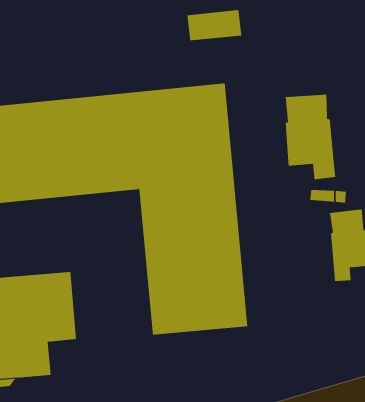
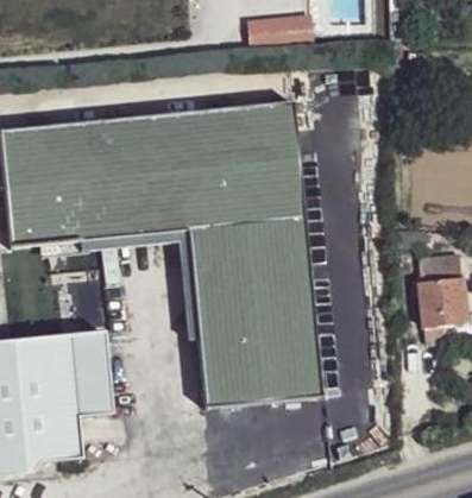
building: [285,94,336,180] -> none

